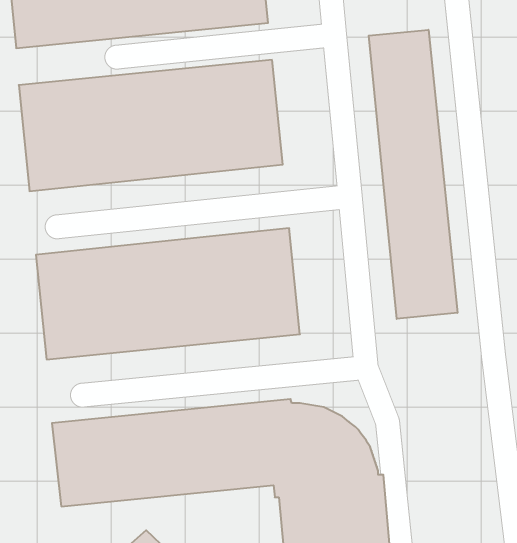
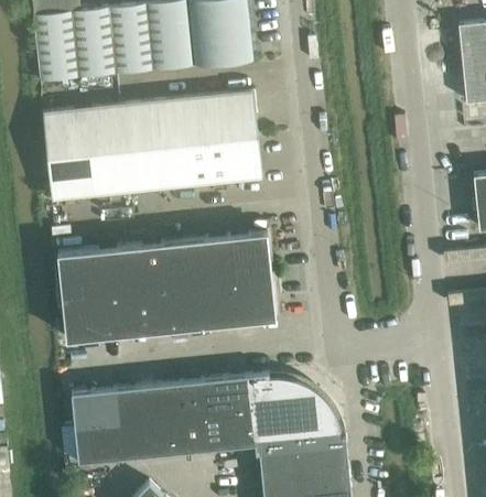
building: [369,30,457,319] -> none

